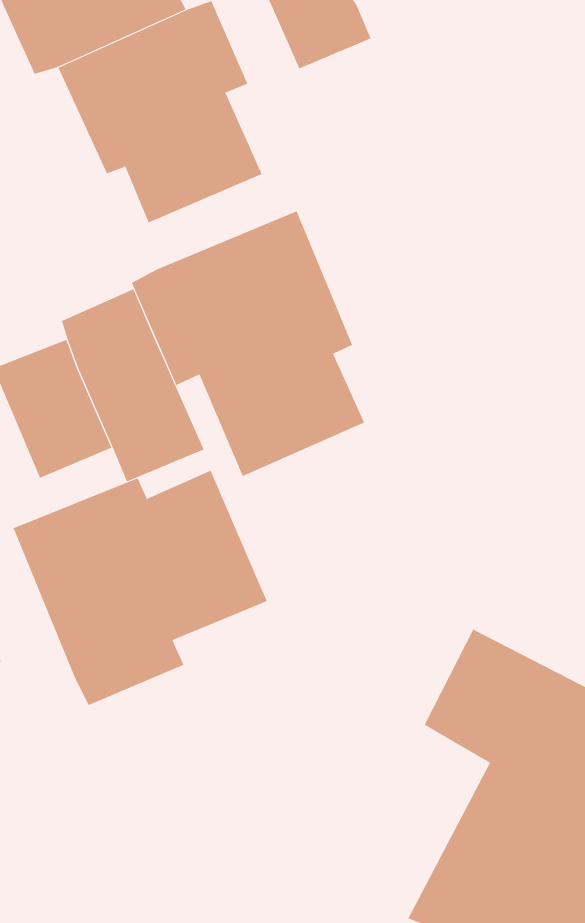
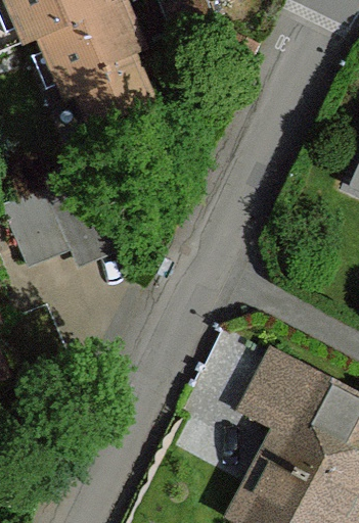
building: [131,211,365,477] -> none
building: [13,470,268,706] -> none

